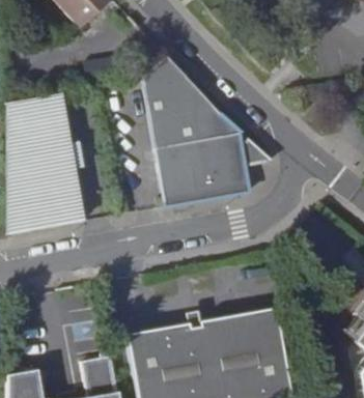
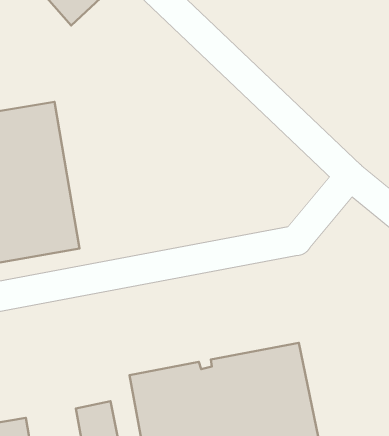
building: [143,57,272,208] -> none

